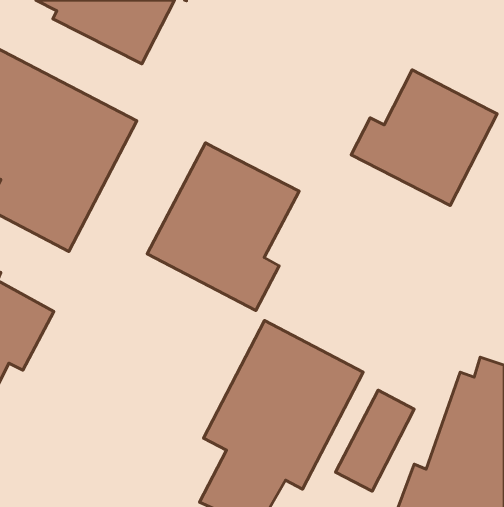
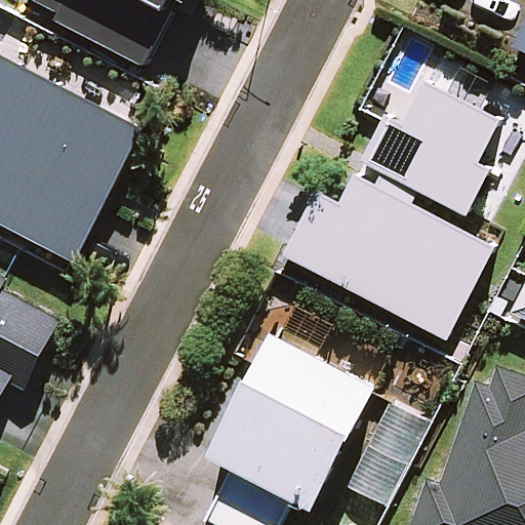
building: [147,143,299,310] -> none
building: none -> [283,175,492,339]

